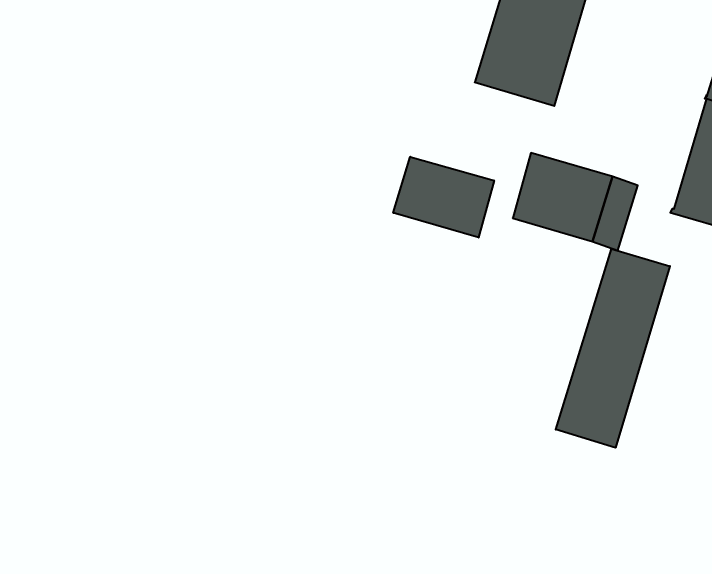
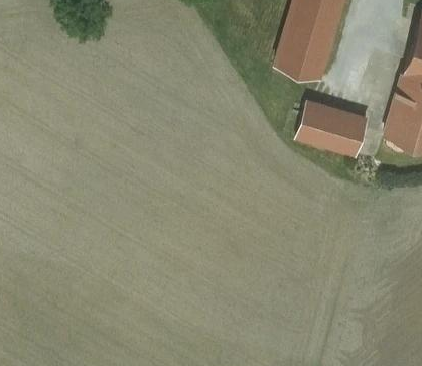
building: [393,157,494,238] -> none
building: [556,249,670,448] -> none

